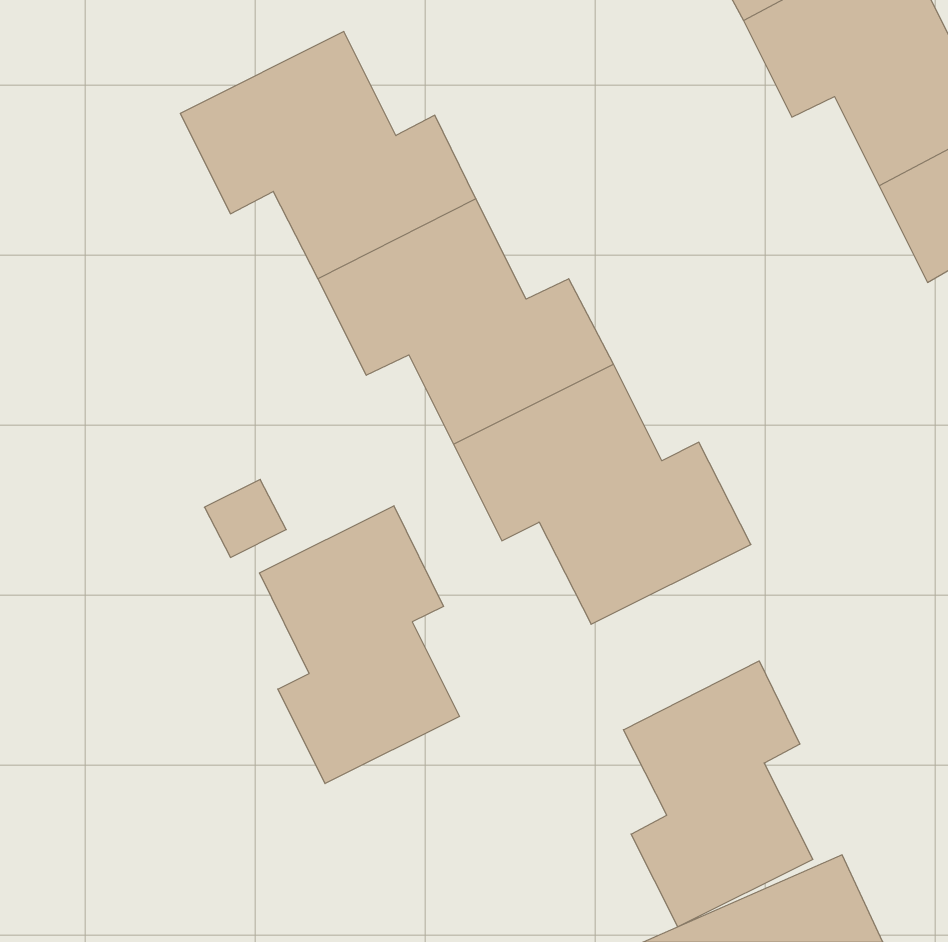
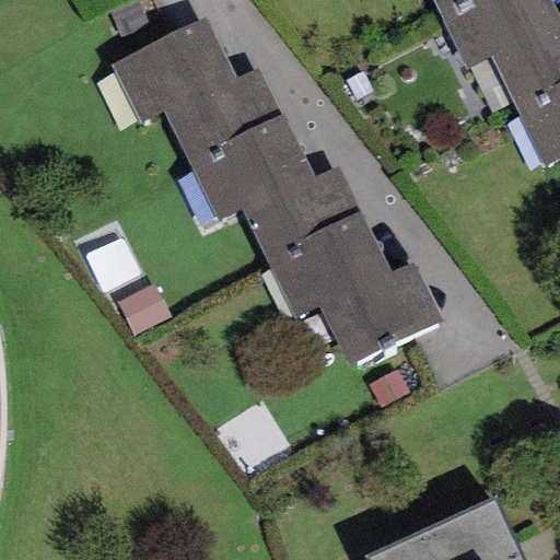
building: [260,506,459,784] -> none
building: [623,661,813,927] -> none

